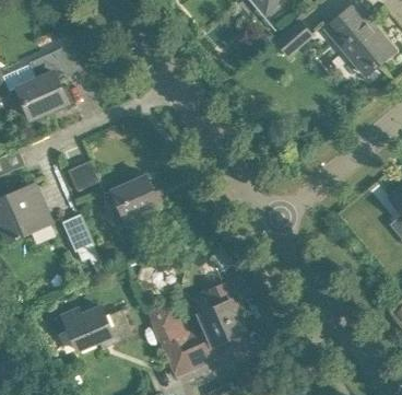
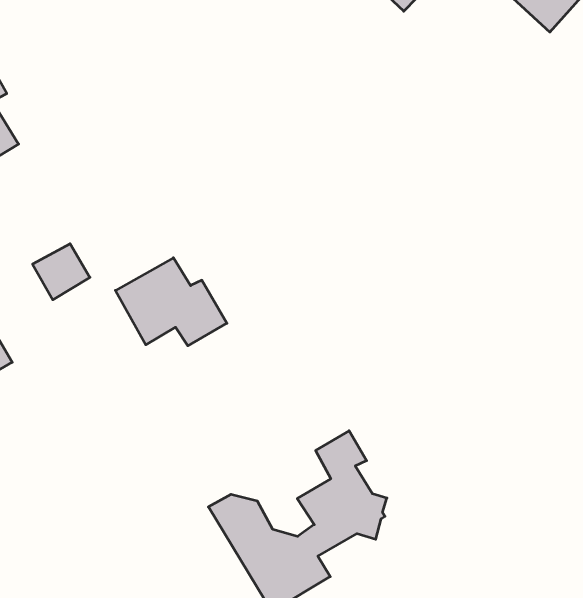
building: [61,214,101,264] -> none
building: [62,306,132,350] -> none

